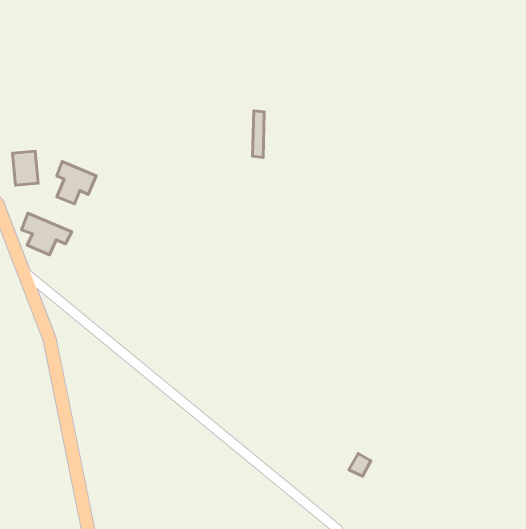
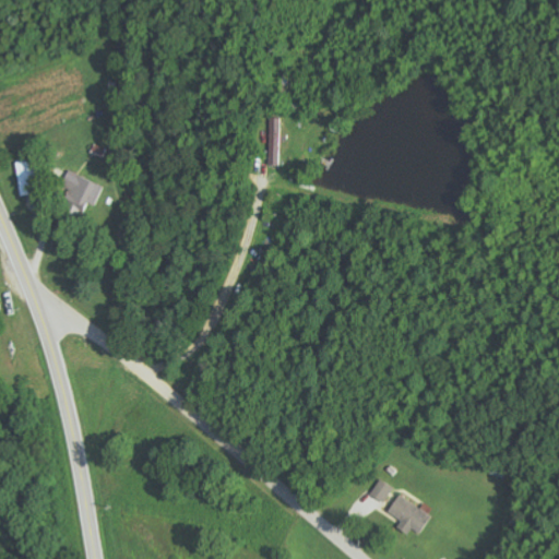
building: [21,213,72,255] -> none
building: none -> [386,497,429,534]

